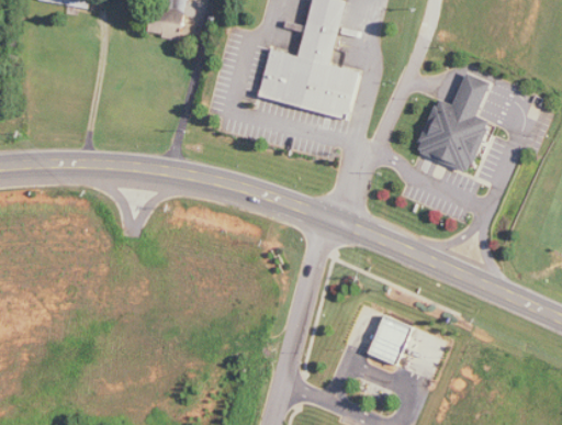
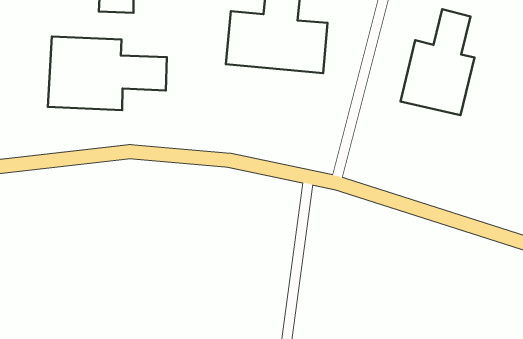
building: none -> [48,37,167,110]
building: [367,315,412,366] -> none

